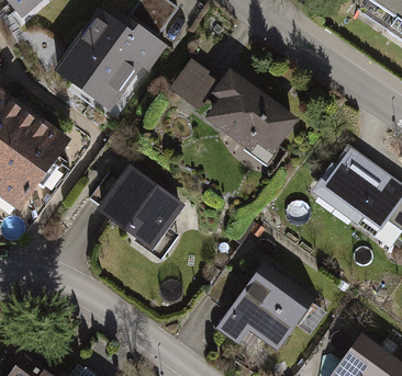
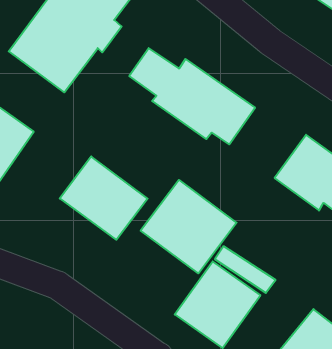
building: none -> [141,180,237,273]

